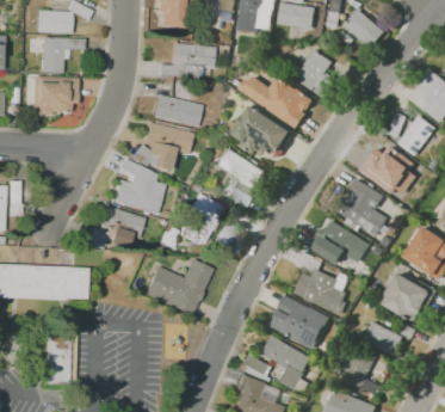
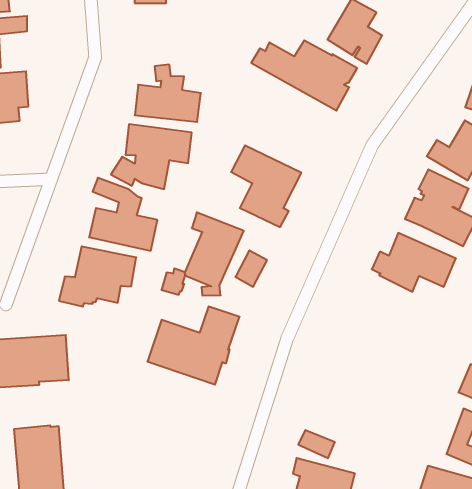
building: [159,43,215,78] -> none
building: [233,105,293,155] -> none
building: [295,251,348,314] -> none
building: [272,295,330,349] -> none
building: [260,334,311,391] -> none

